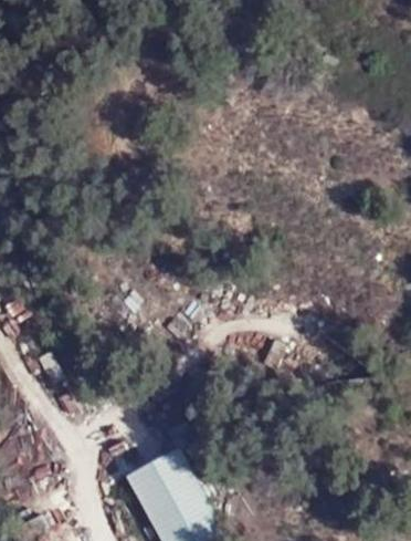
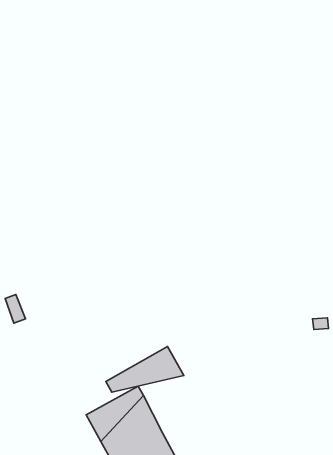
building: none -> [106,346,184,392]

